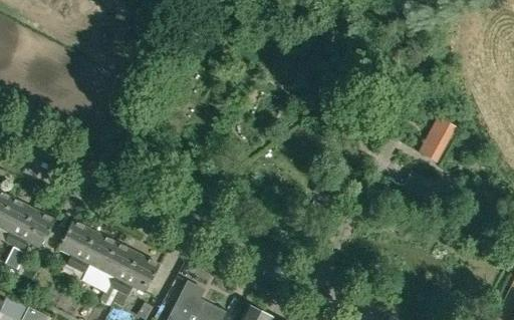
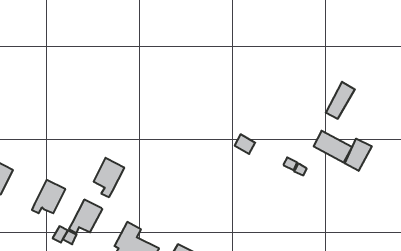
building: none -> [345,139,372,171]
building: [57,220,93,266] -> none
building: [101,242,138,288] -> [94,158,124,197]

